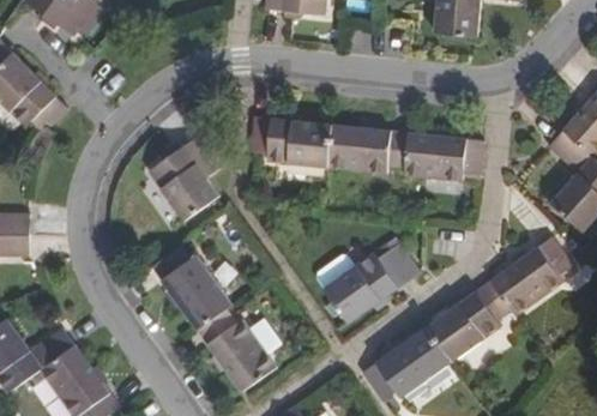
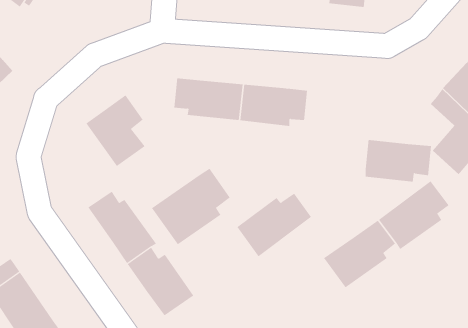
building: [404,132,482,181] -> [365,140,432,182]
building: none -> [151,168,231,245]
building: [362,326,451,402] -> none

